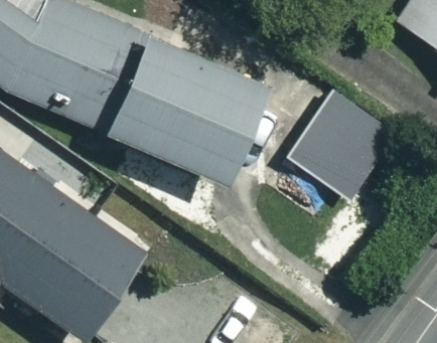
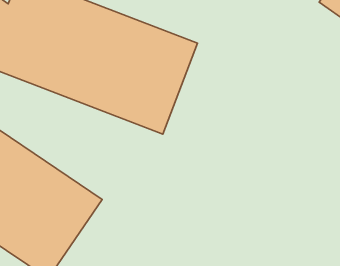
building: [271,94,403,225] -> none

